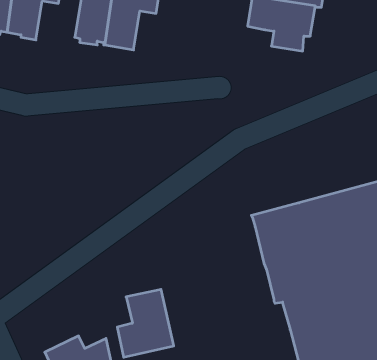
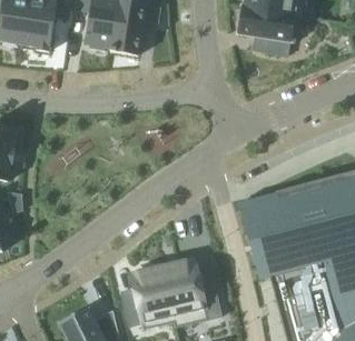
building: none -> [162,258,219,315]

